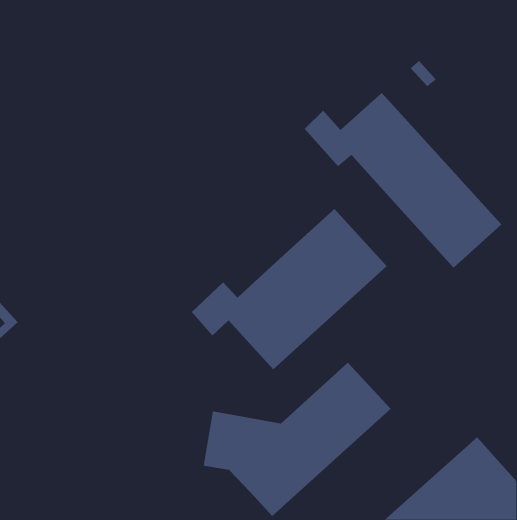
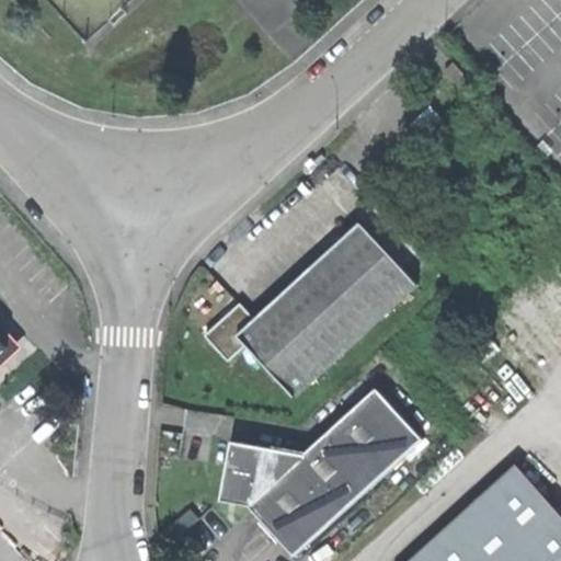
building: [304,92,502,268] -> none

